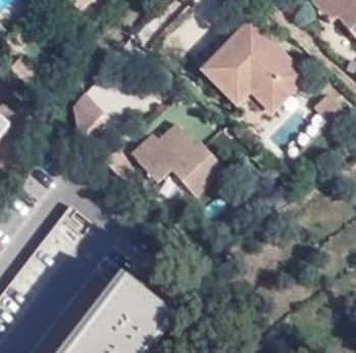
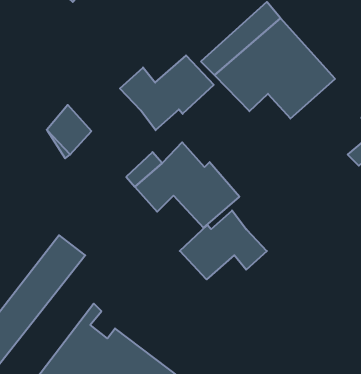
building: none -> [120,55,214,130]
building: none -> [180,210,267,279]

